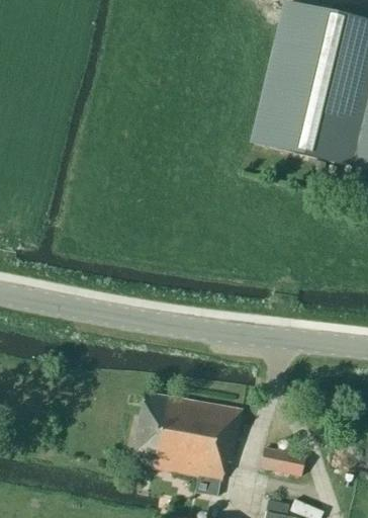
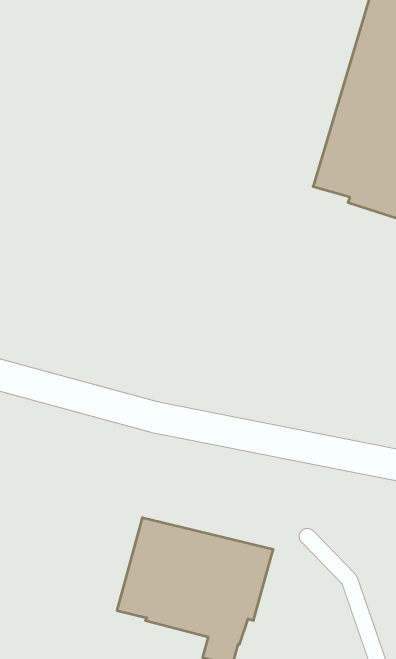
building: [260,446,304,473] -> none

